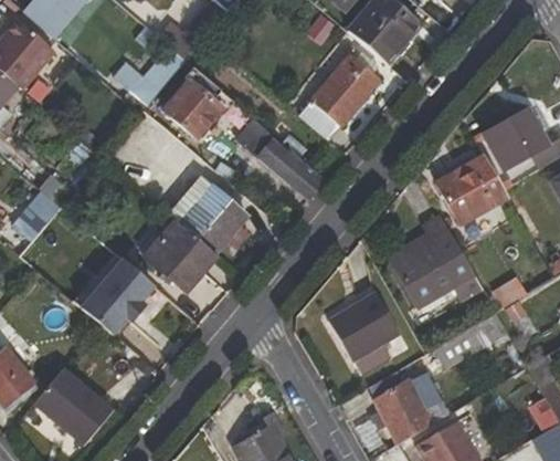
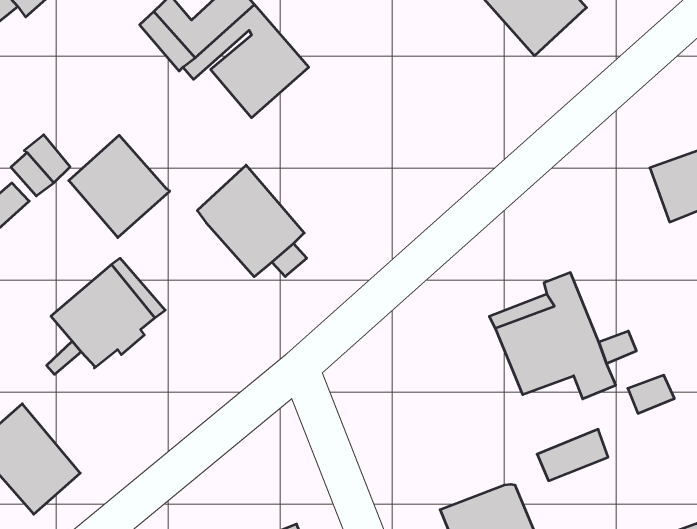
building: [300,54,379,139] -> none
building: [234,115,326,199] -> none
building: [435,154,509,226] -> none
building: [145,219,218,292] -> [69,135,170,238]
building: [328,291,401,374] -> none

